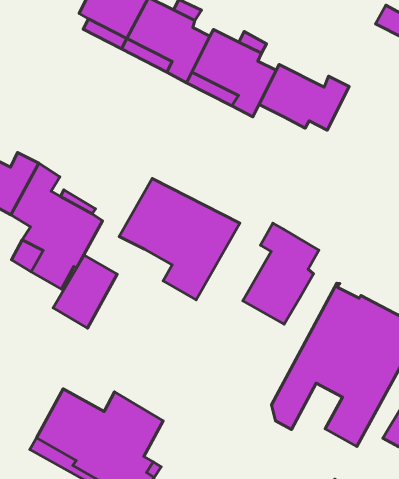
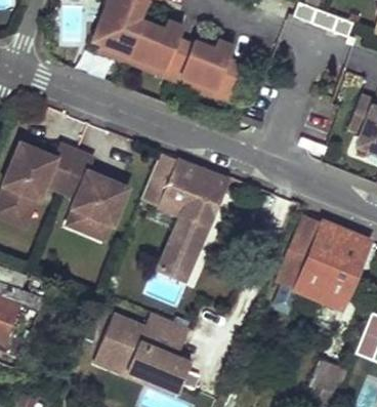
building: [259,65,349,130] -> none
building: [243,223,319,324] -> none
building: [53,255,117,328] -> [159,227,203,280]

